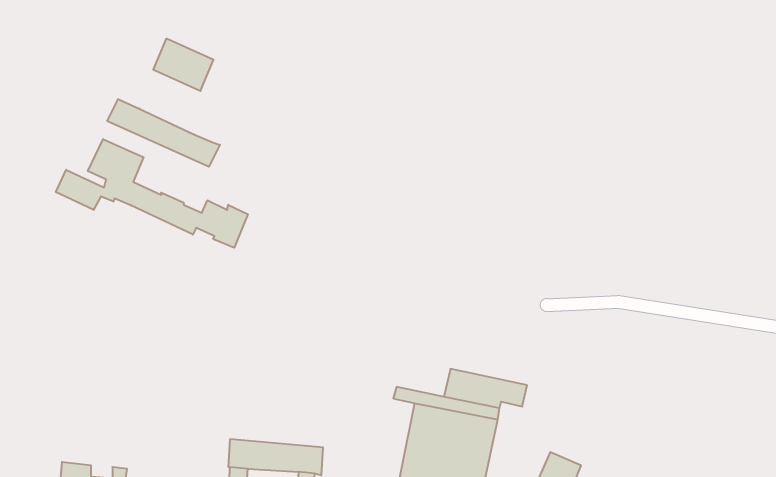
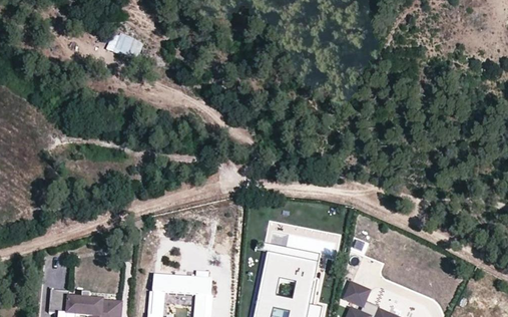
building: [107,99,220,167] -> none
building: [56,139,248,248] -> none

